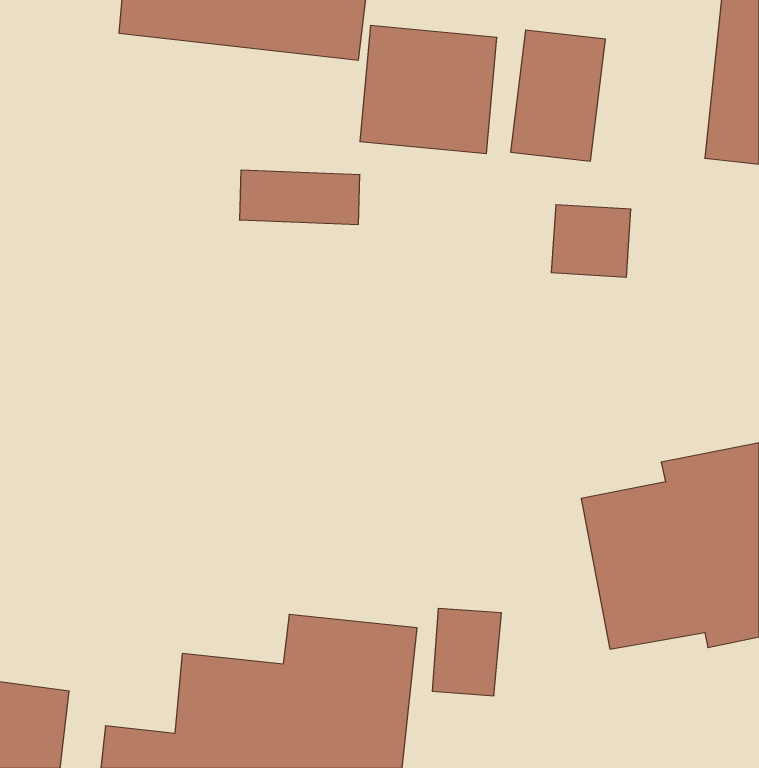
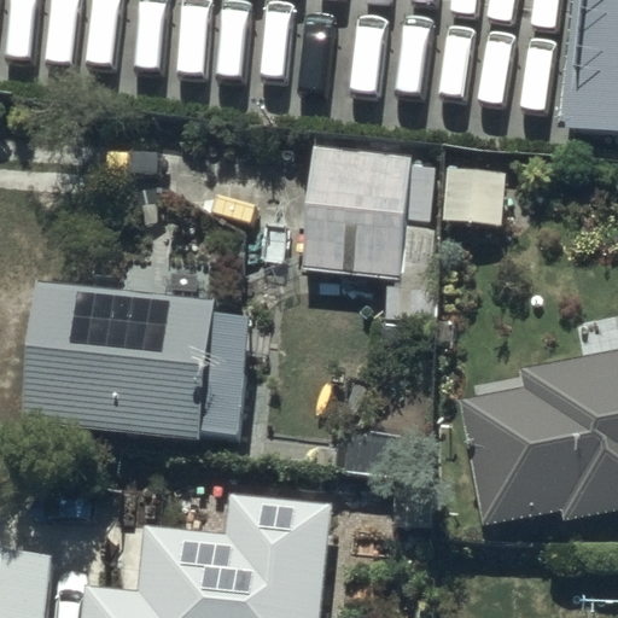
building: none -> [297,156,407,295]
building: none -> [30,284,251,441]

